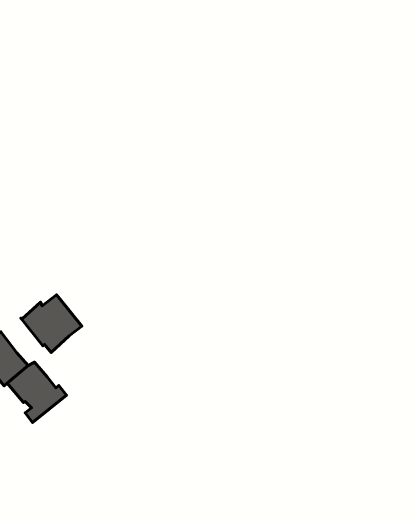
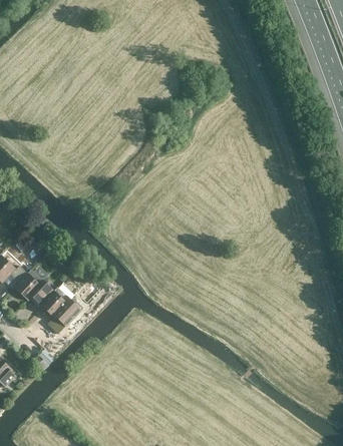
building: [21,295,82,352] -> none

